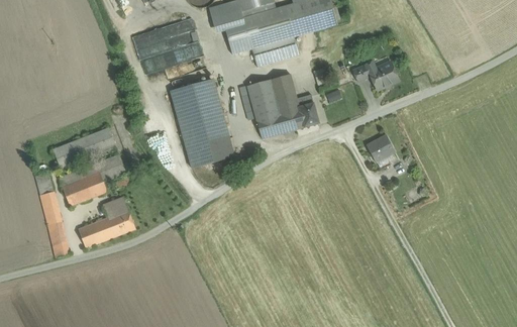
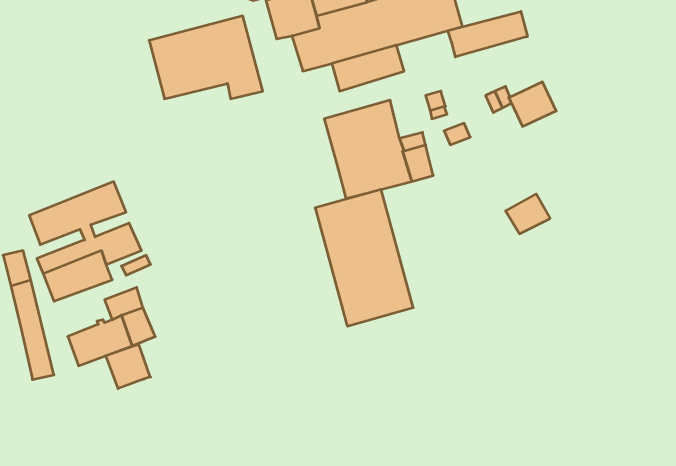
building: none -> [448,11,527,57]
building: [170,78,234,168] -> [315,189,413,326]
building: none -> [106,344,151,389]

